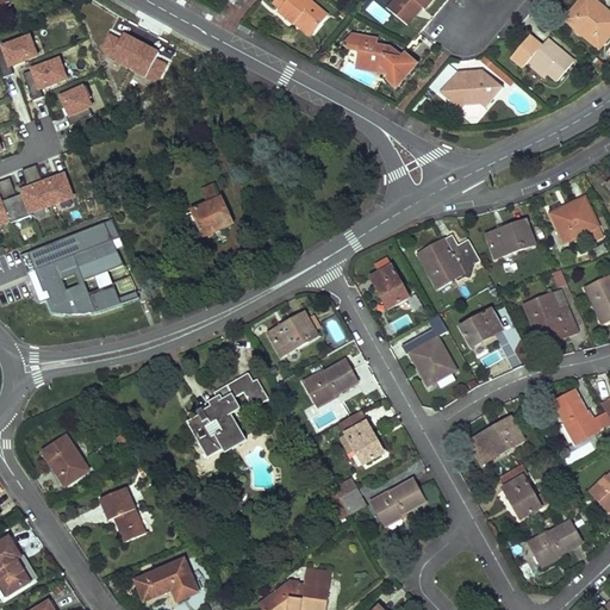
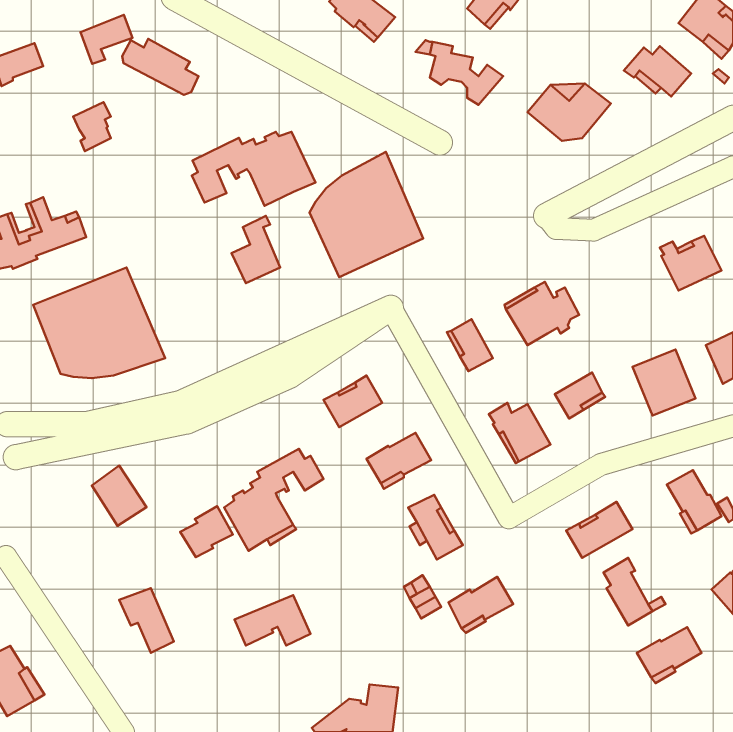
building: [23,58,66,99] -> [81,15,132,64]
building: none -> [192,132,315,206]
building: none -> [309,152,423,277]
building: [486,218,534,257] -> none
building: none -> [180,506,233,557]
building: [43,435,88,485] -> [92,465,146,526]
building: [135,559,198,600] -> [234,595,311,645]

